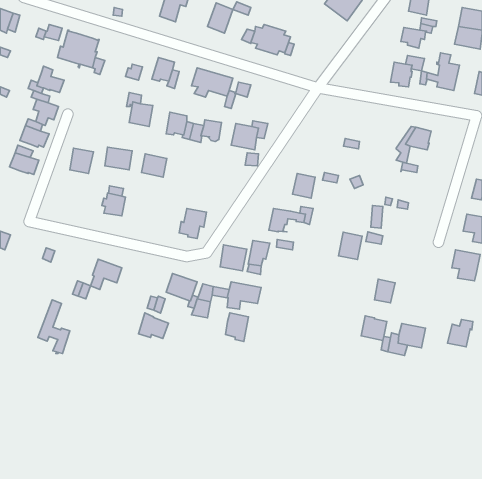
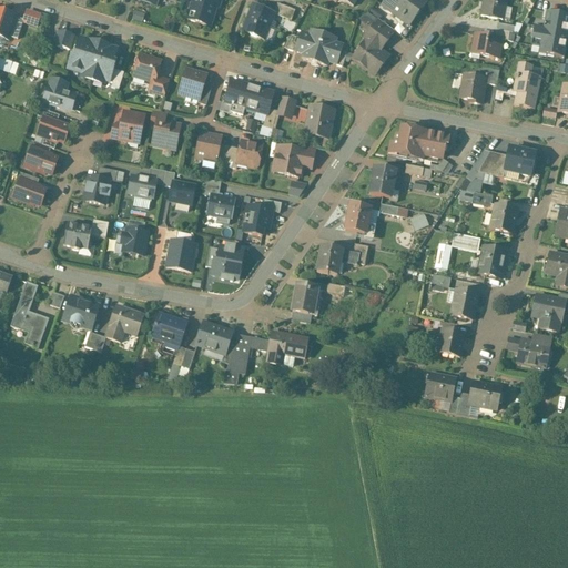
building: none -> [352,18,394,72]
building: none -> [133,54,160,81]
building: none -> [304,104,333,138]
building: none -> [111,110,142,141]
building: none -> [387,126,448,160]
building: none -> [504,146,535,174]
building: none -> [369,166,395,196]
building: none -> [206,190,235,217]
building: none -> [241,203,271,235]
building: none -> [489,203,517,233]
building: none -> [62,216,108,250]
building: none -> [165,235,196,270]
building: none -> [478,246,505,277]
building: [339,232,362,260] -> [450,288,478,321]
building: [220,245,247,271] -> none
building: none -> [64,296,99,324]
building: [38,300,70,354] -> [10,282,48,345]
building: [138,313,169,338] -> [151,312,186,342]
building: [226,313,249,342] -> none
building: [447,320,473,347] -> [517,334,547,366]

